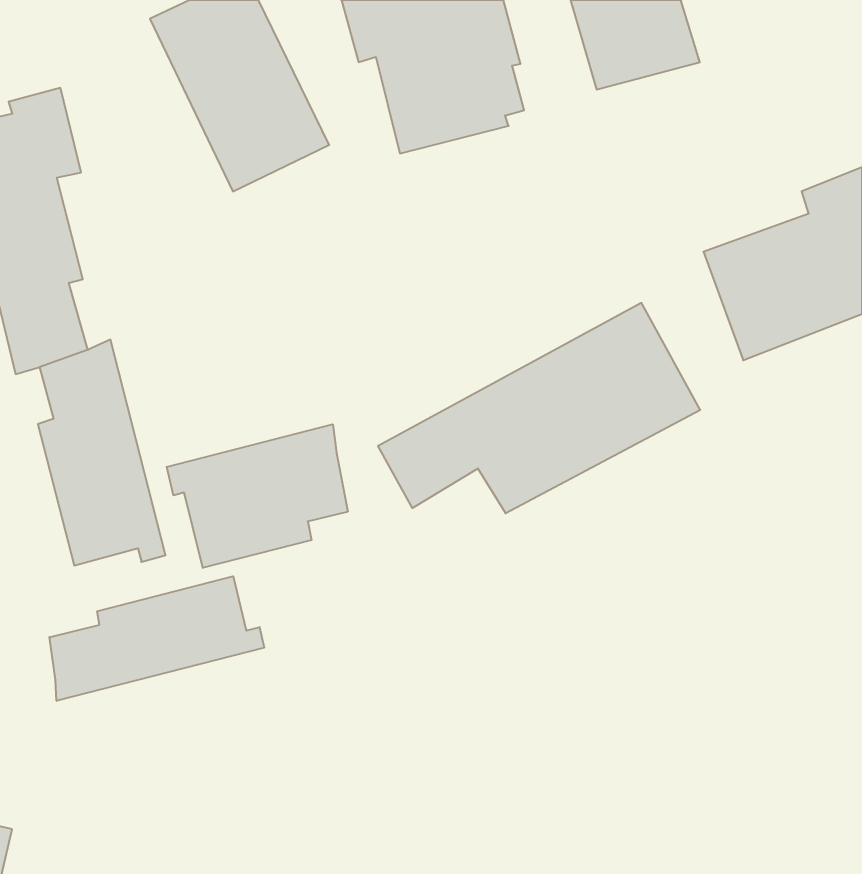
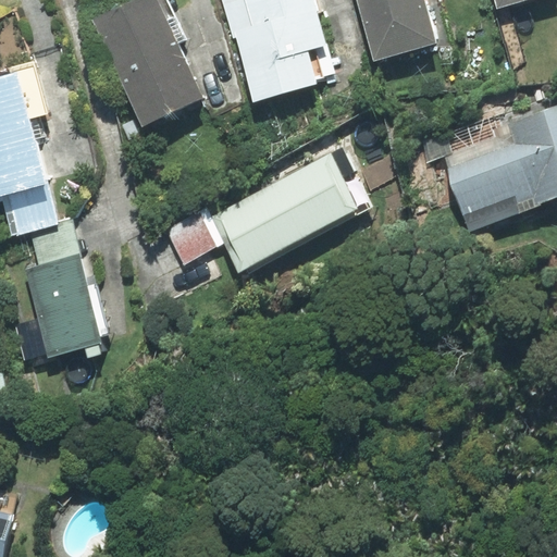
building: [378,303,700,513] -> [157,139,360,272]
building: [167,424,348,568] -> none
building: [49,576,264,701] -> none

